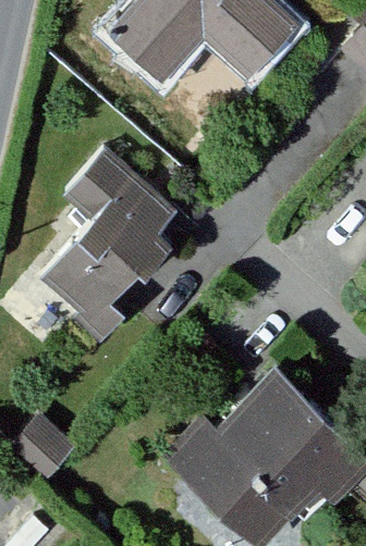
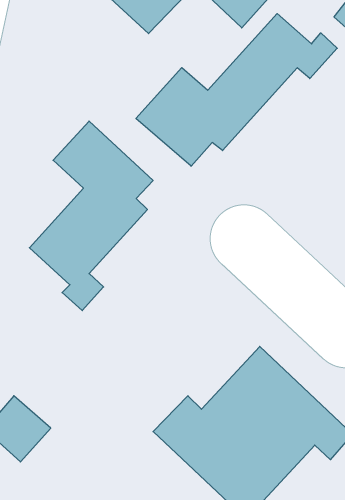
building: none -> [136,14,337,166]

